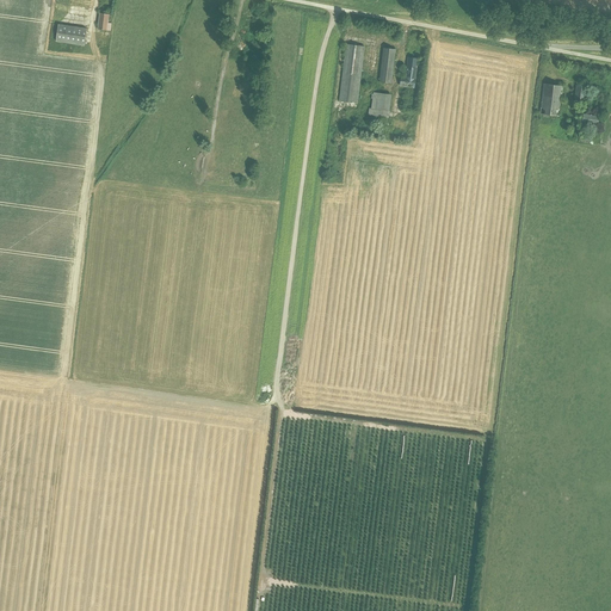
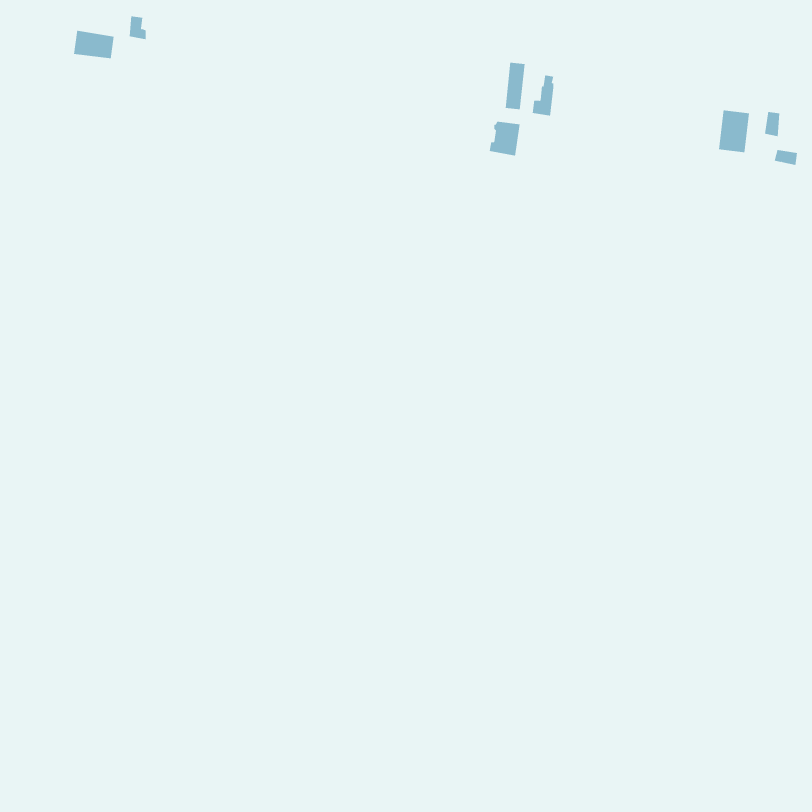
building: [339,43,363,103] -> none

